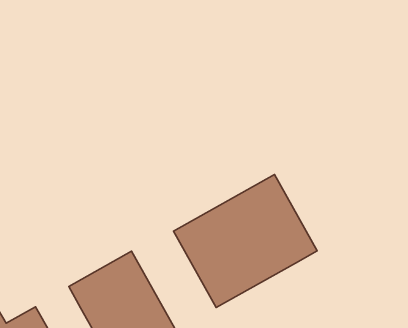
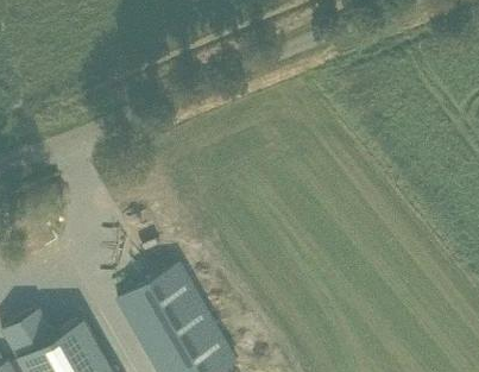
building: [173,174,317,308] -> none

